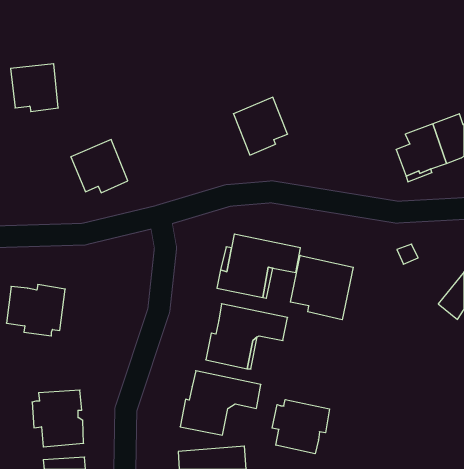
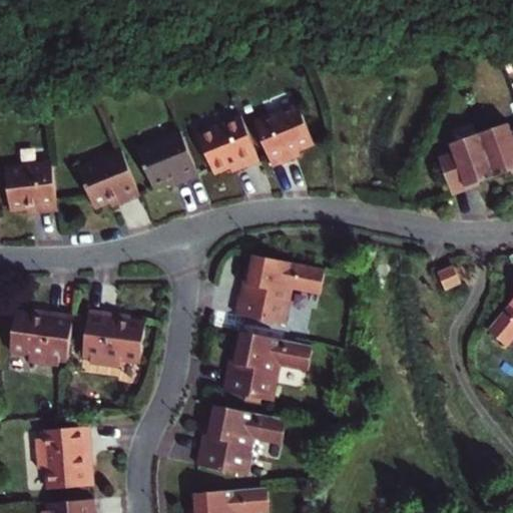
building: [11,64,58,112] -> [4,163,56,215]
building: none -> [196,117,258,174]
building: none -> [137,133,198,191]
building: [290,255,353,320] -> none
building: none -> [82,309,144,368]
building: [272,400,329,454] -> none

